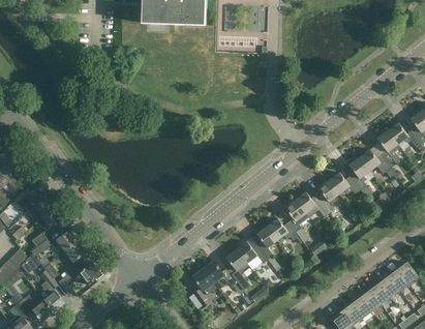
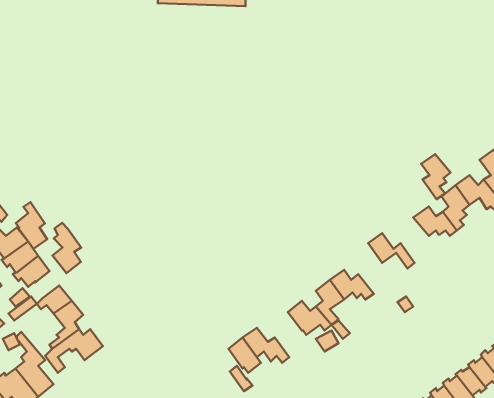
building: none -> [16,202,47,249]
building: [317,180,339,213] -> [421,154,451,199]
building: none -> [52,223,81,273]
building: [284,199,307,240] -> none
building: [225,249,249,293] -> none

